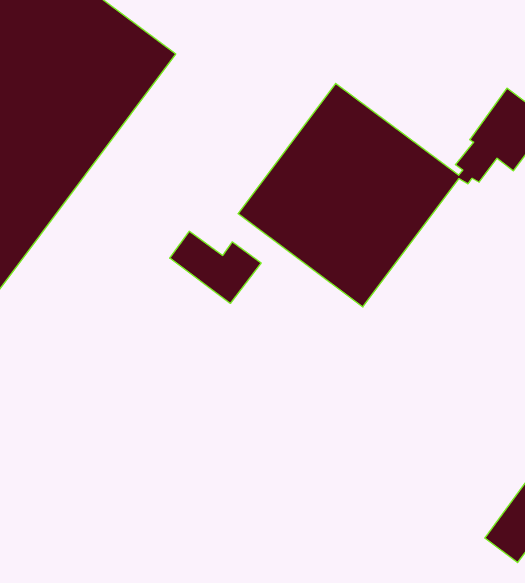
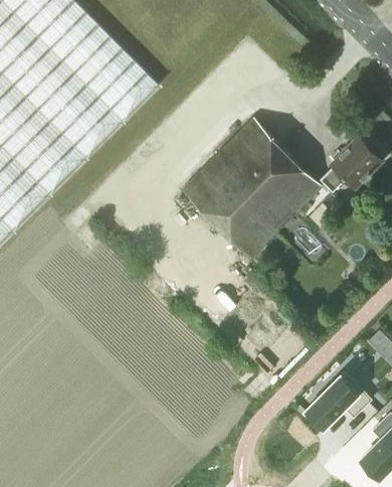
building: [170,231,261,303] -> none

